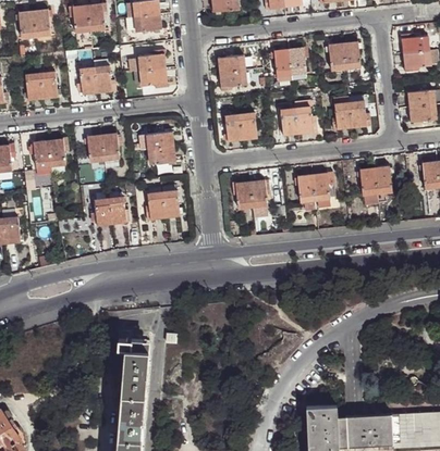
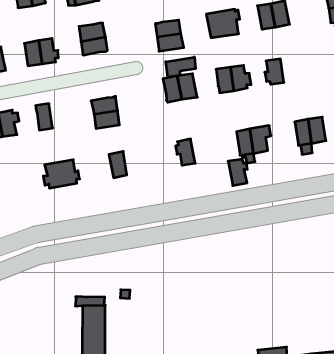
building: none -> [166,57,195,77]
building: [347,96,369,128] -> none
building: [101,133,121,161] -> none
building: [248,180,268,208] -> [228,159,247,186]
building: [144,192,164,218] -> none

